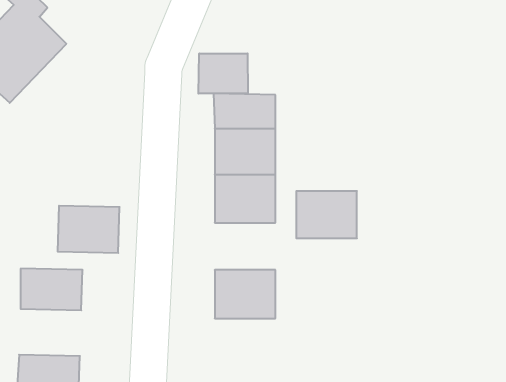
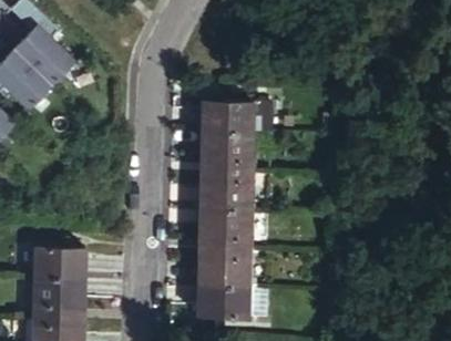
building: [198,53,248,94] -> none
building: [296,191,357,238] -> [198,208,248,247]
building: [58,206,120,253] -> [38,279,89,318]
building: none -> [198,287,248,316]

